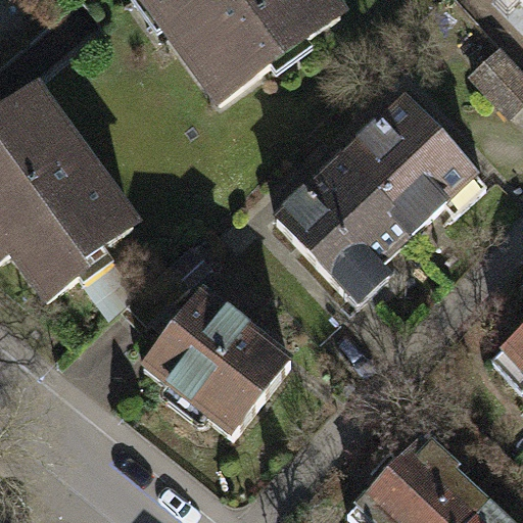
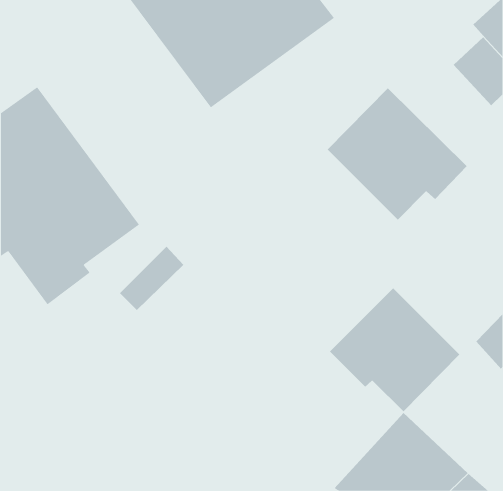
building: [278,155,413,298] -> none
building: [142,285,290,429] -> none
building: none -> [329,287,460,412]

